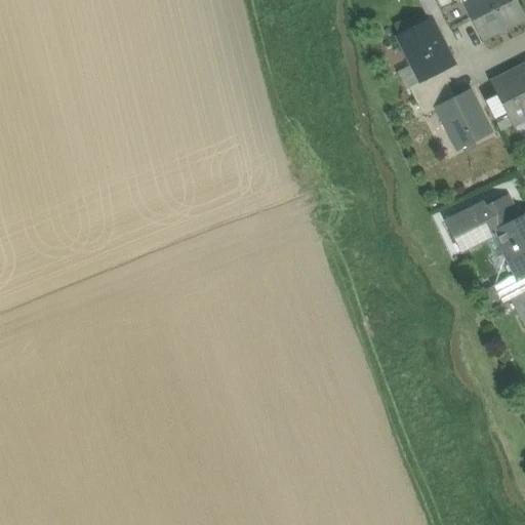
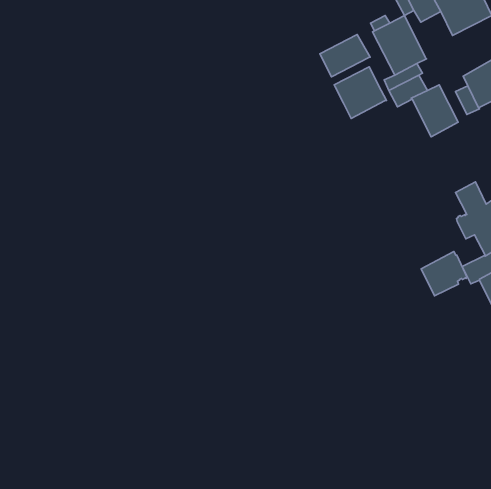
building: none -> [320,34,370,77]
building: none -> [334,67,386,119]
building: [448,201,497,248] -> [421,251,467,296]

